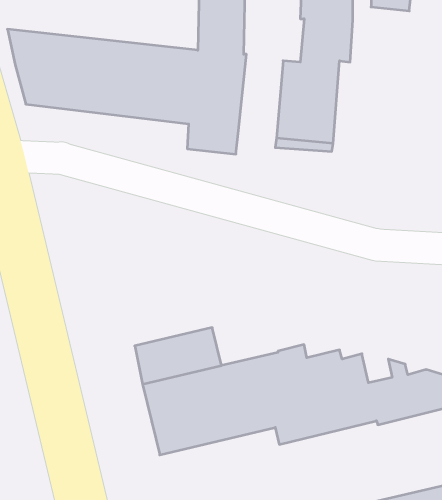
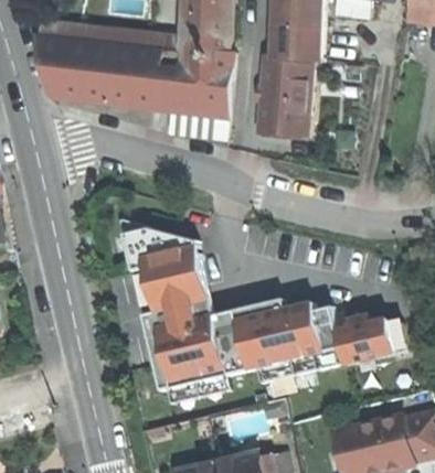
building: none -> [121,228,204,299]

